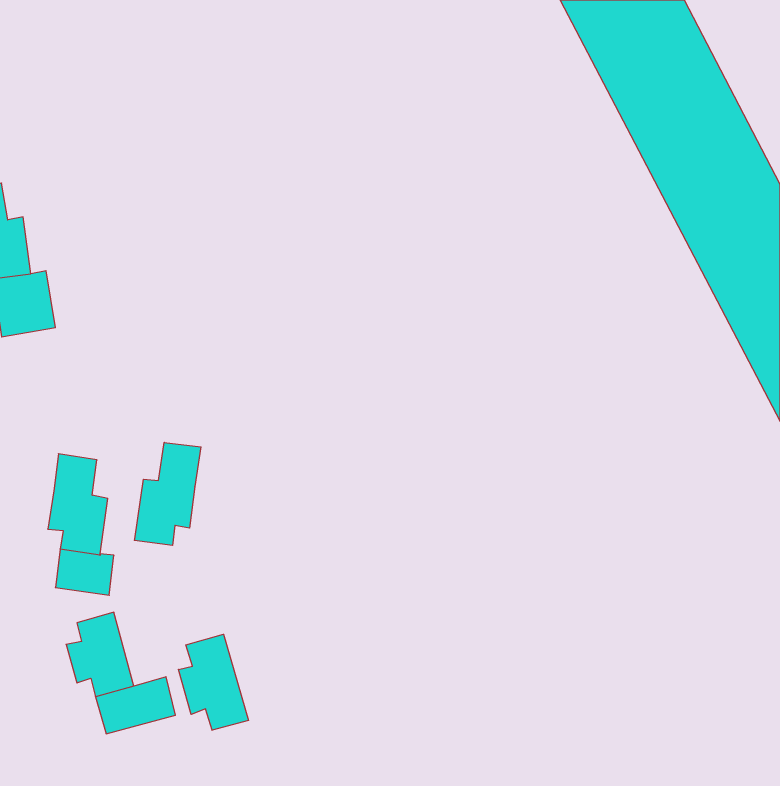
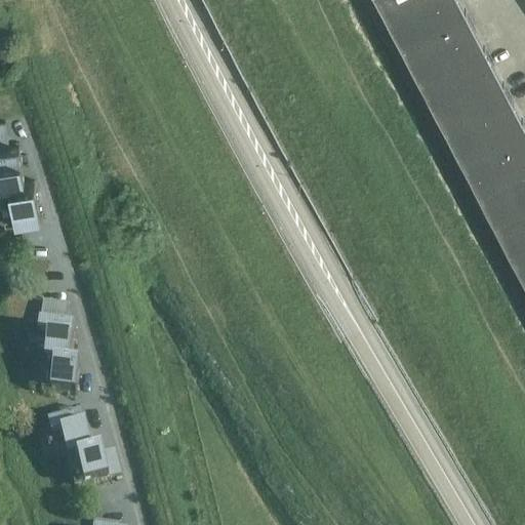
building: [134,442,201,545] -> none
building: [178,634,249,730] -> none

